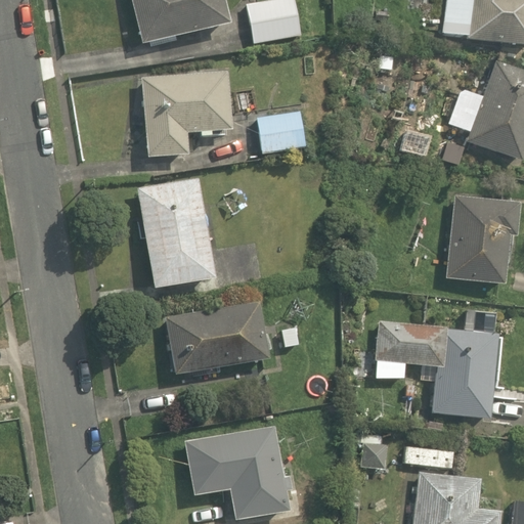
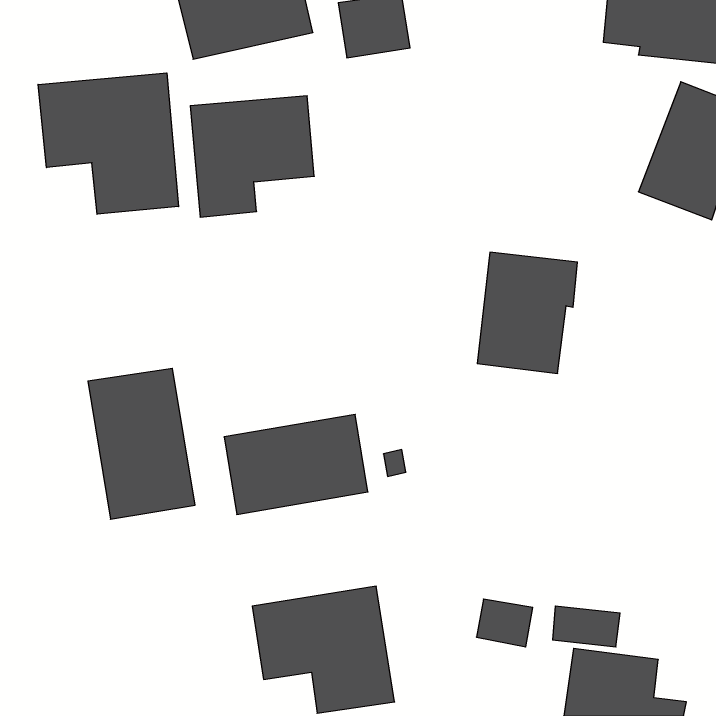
building: none -> [38,73,179,214]
building: [257,110,305,152] -> none
building: [137,178,215,288] -> [88,368,195,519]
building: [445,195,518,283] -> [477,252,577,373]
building: [375,319,498,418] -> none

